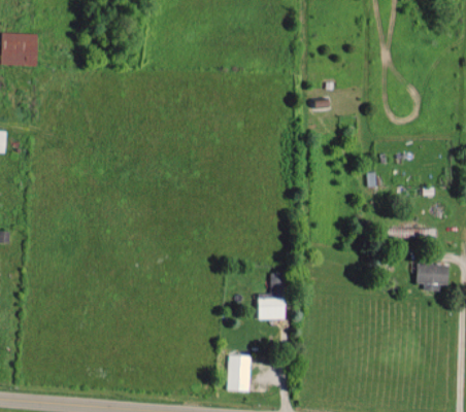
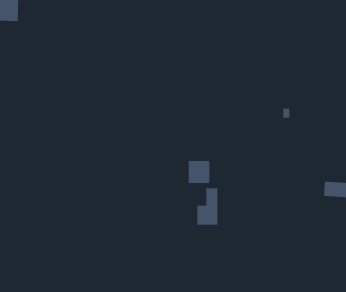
building: none -> [188,160,210,184]
building: [227,356,251,392] -> none

